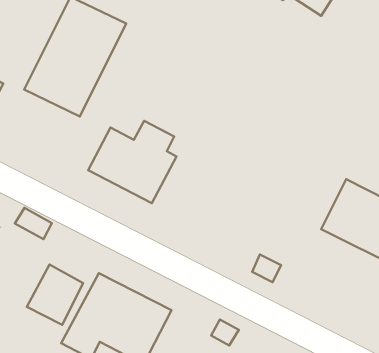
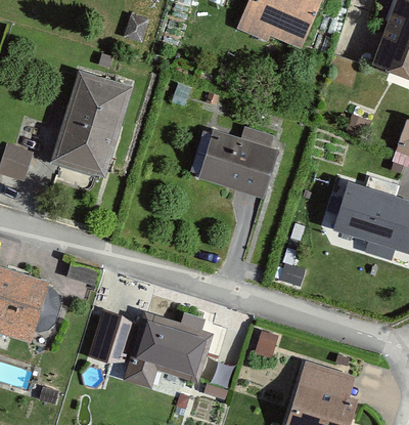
building: [88,121,176,203] -> [201,121,277,193]

